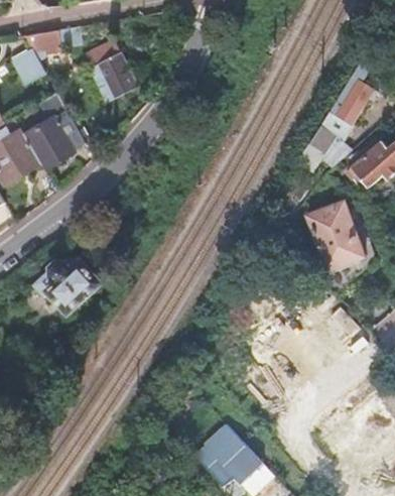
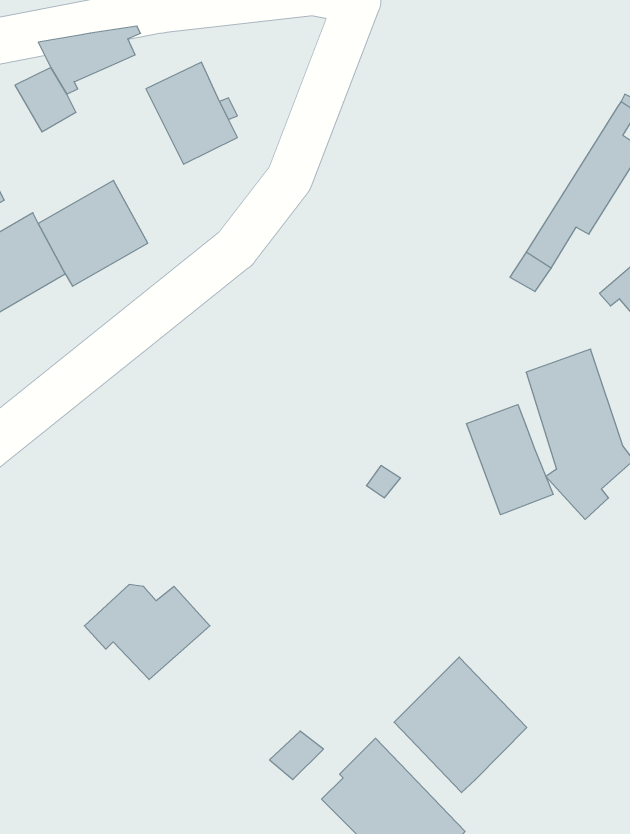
building: none -> [466,405,553,515]
building: [33,259,104,313] -> [84,585,210,680]
building: none -> [394,657,527,793]

